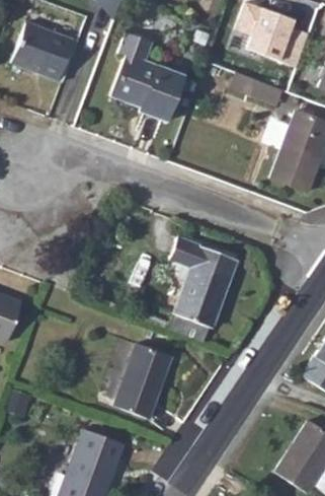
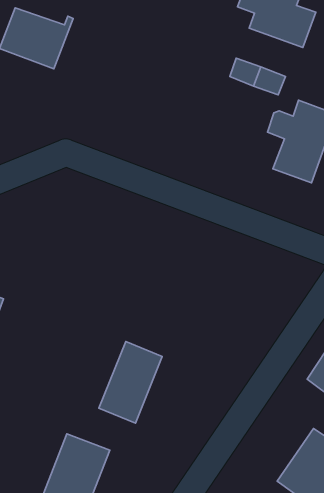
building: [116,34,187,122] -> none
building: [172,237,239,329] -> none

